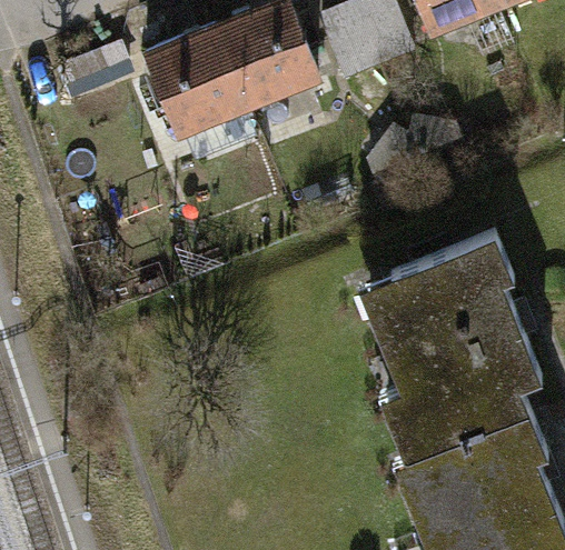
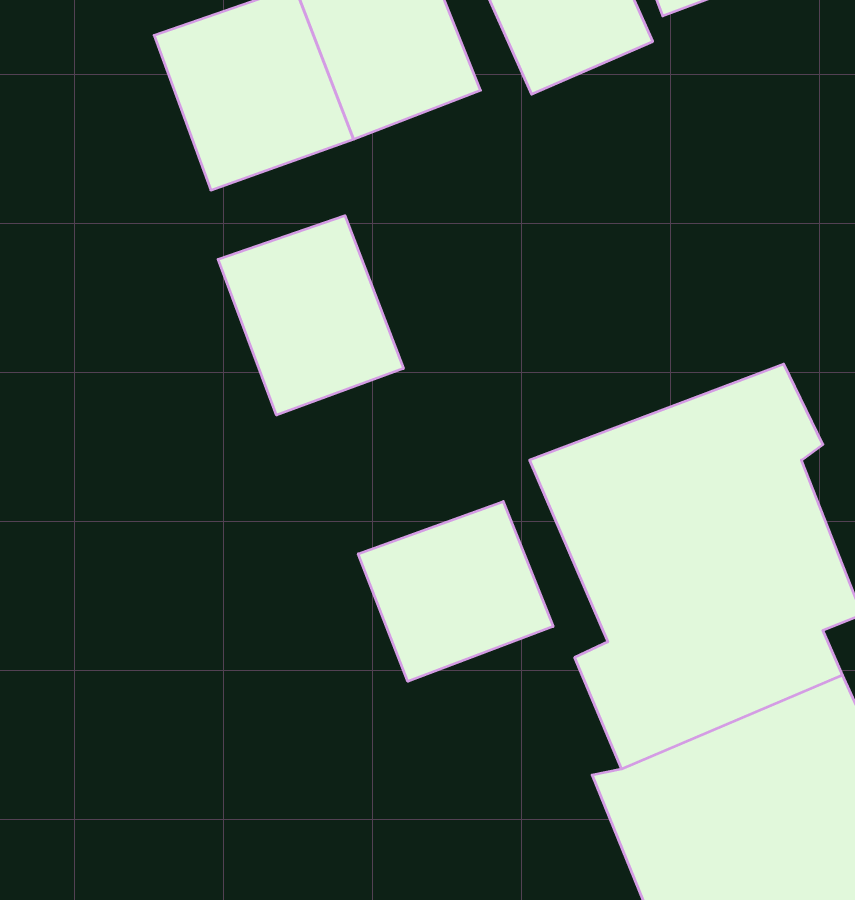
building: none -> [218,216,403,415]
building: none -> [358,501,553,681]

